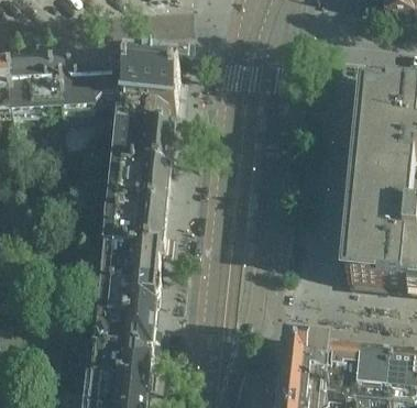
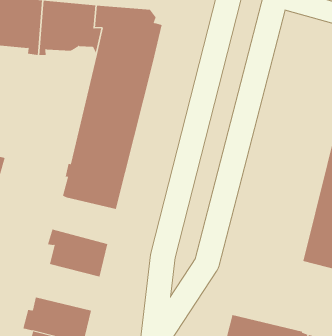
building: [101,245,161,284] -> none
building: [95,311,154,350] -> none

